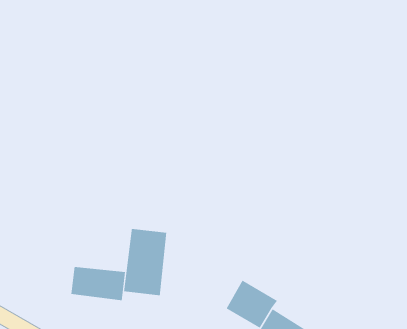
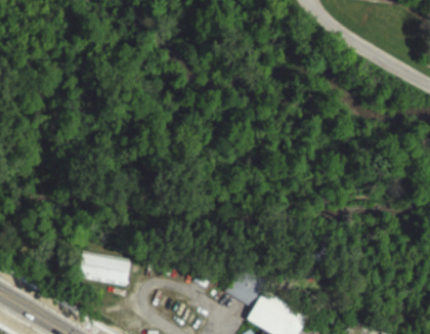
building: [124,228,167,296] -> none

